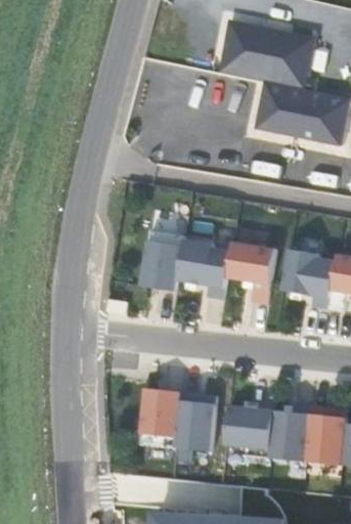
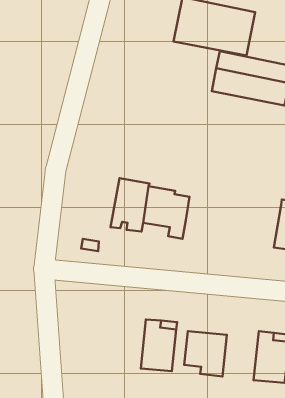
building: [227,242,276,303] -> none
building: [282,249,337,309] -> none
building: [139,388,181,448] -> none
building: [269,403,311,462] -> none

